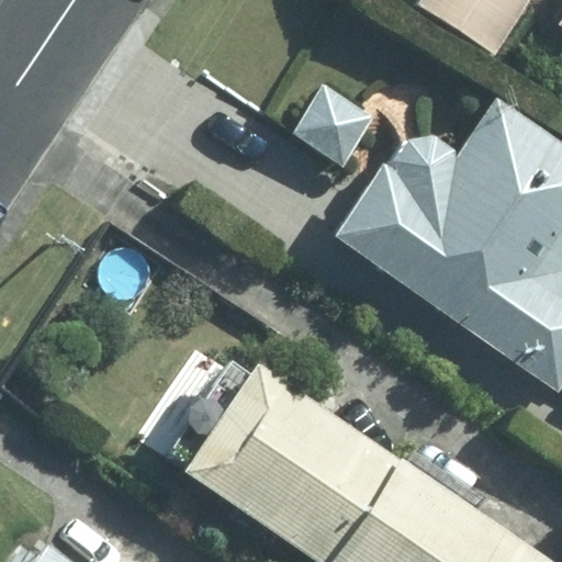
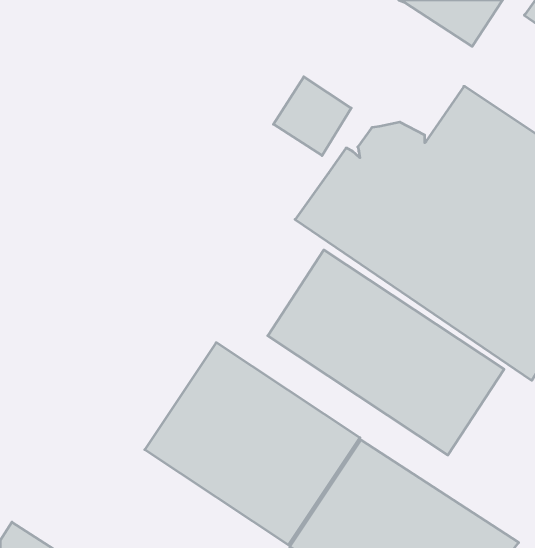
building: none -> [268,250,504,455]

